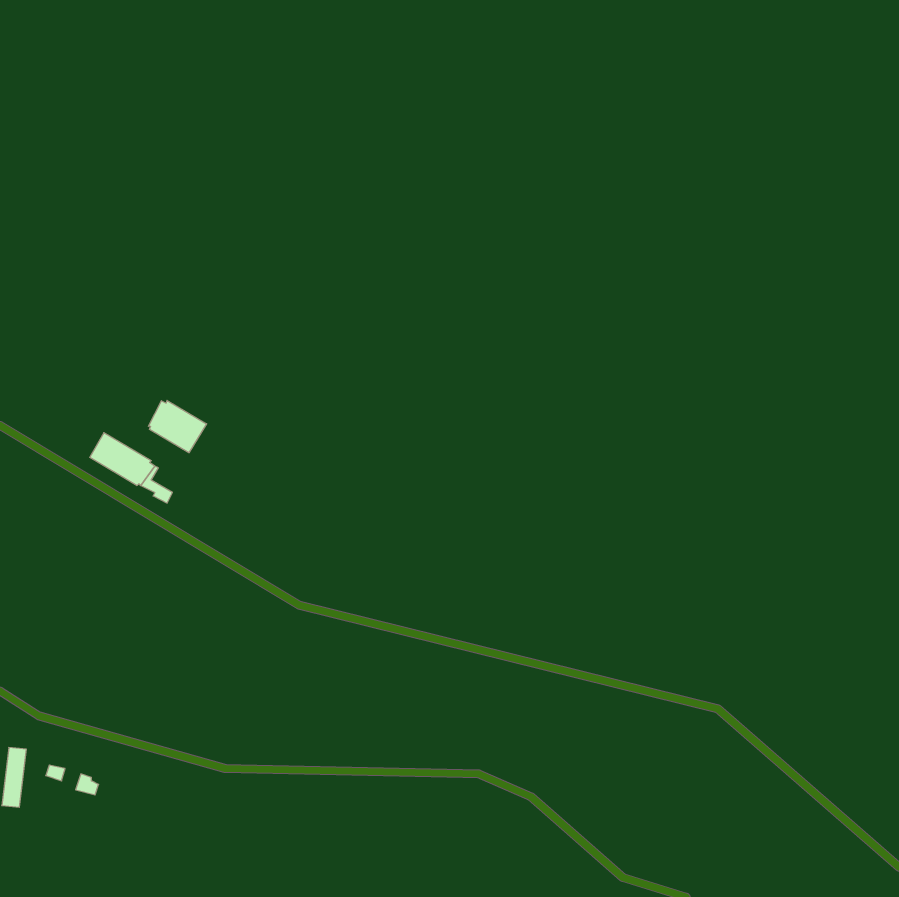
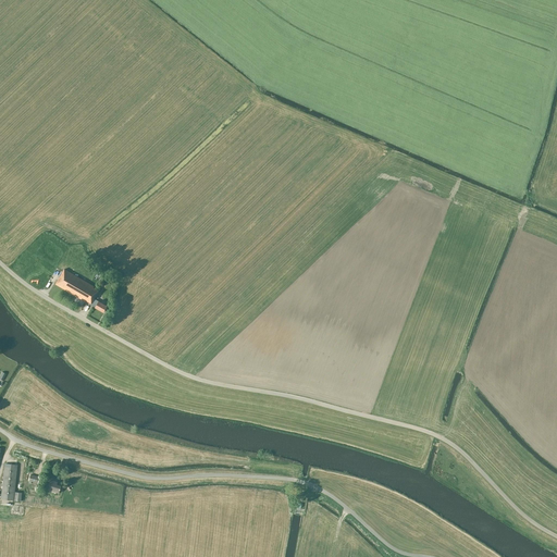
building: [148,400,207,453] -> none

